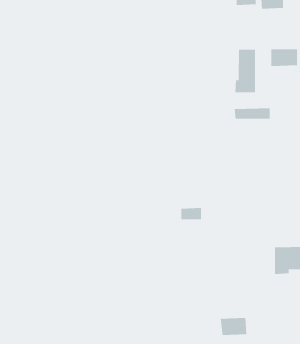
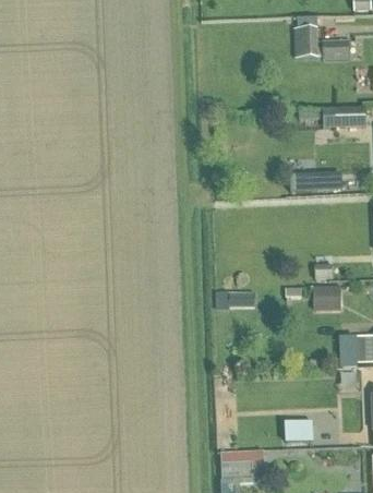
building: [235,49,256,93] -> none
building: none -> [314,288,341,312]

